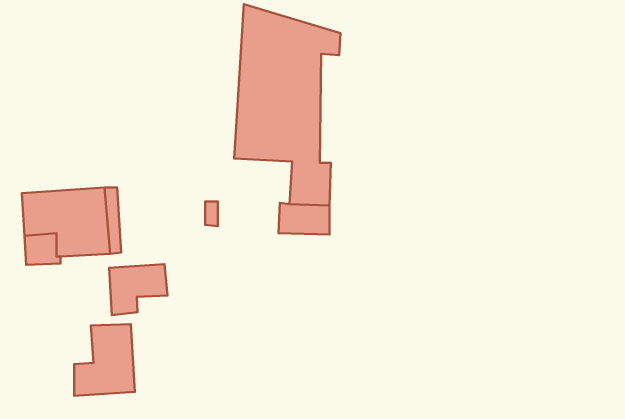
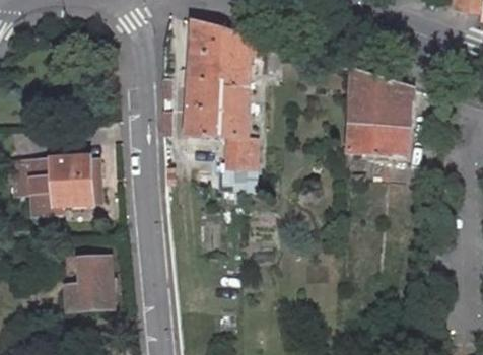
building: none -> [346,69,413,157]
building: [109,264,167,315] -> none

